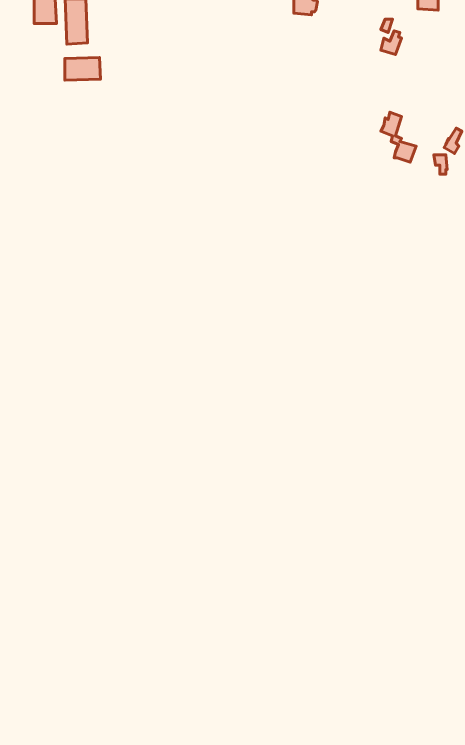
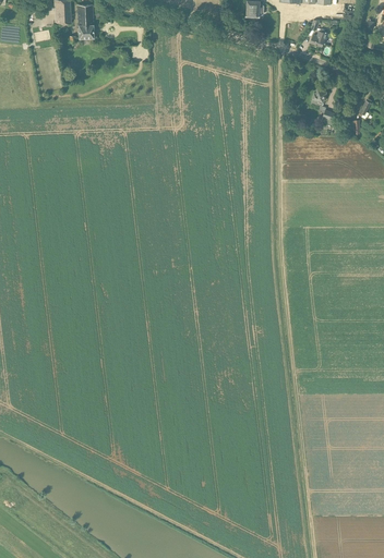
building: [65,57,101,80] -> none

